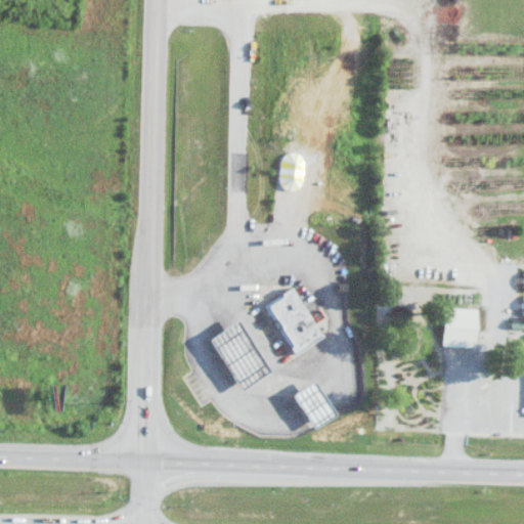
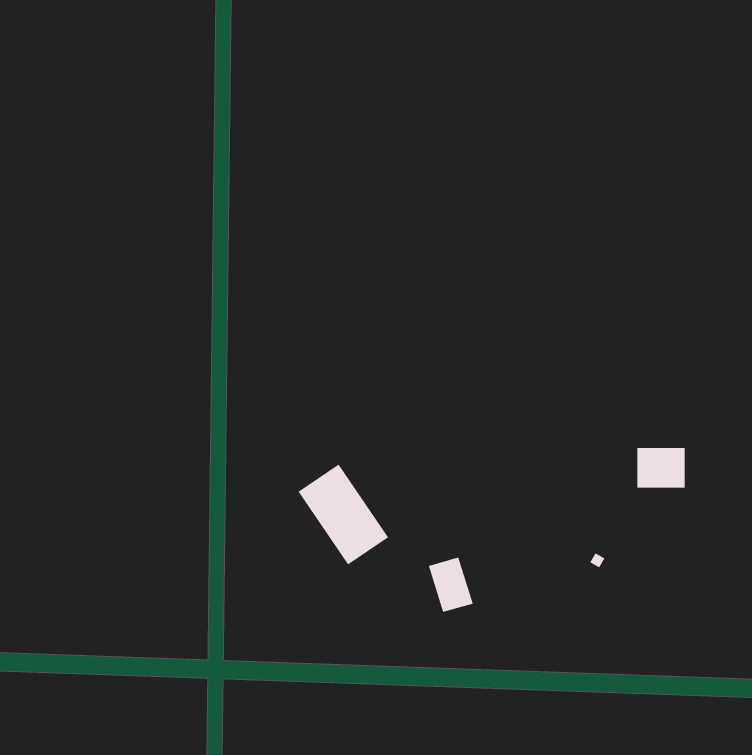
building: [266,290,323,355] -> none

